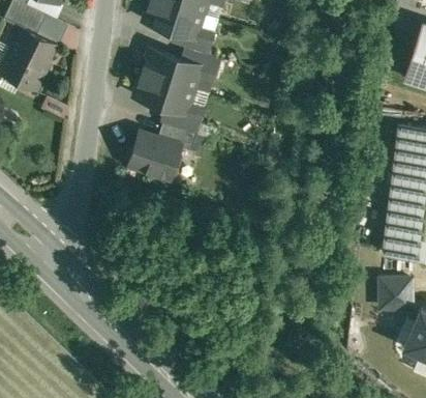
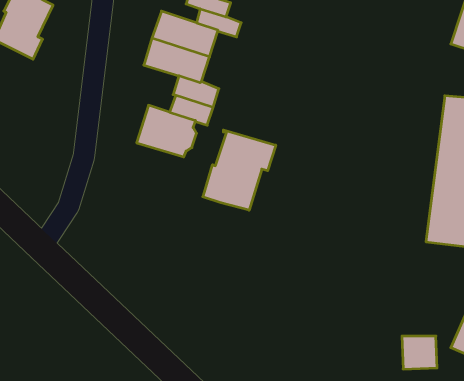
building: none -> [203,130,276,210]
building: [381,279,412,308] -> [402,336,437,369]

